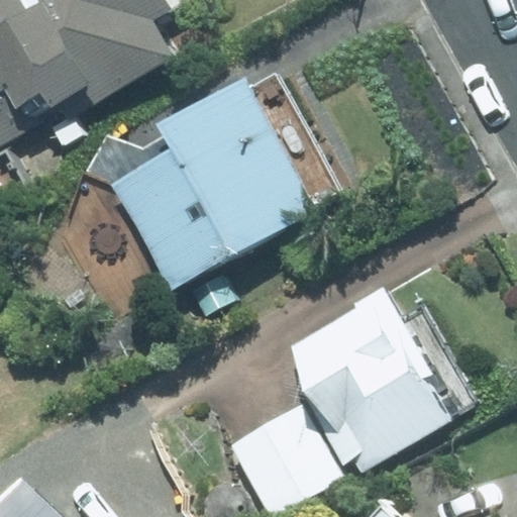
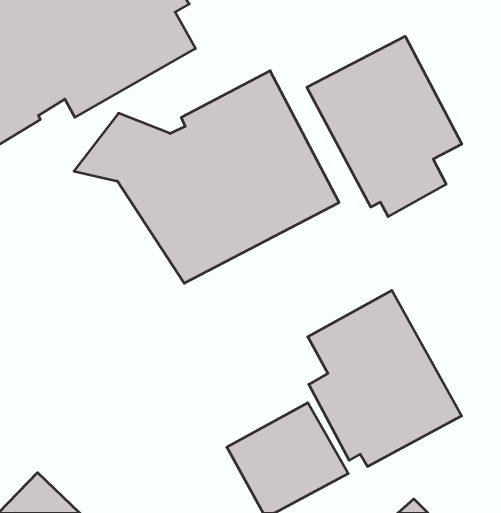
building: none -> [307,36,462,217]

